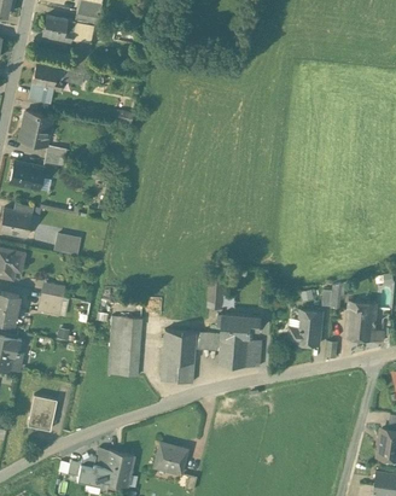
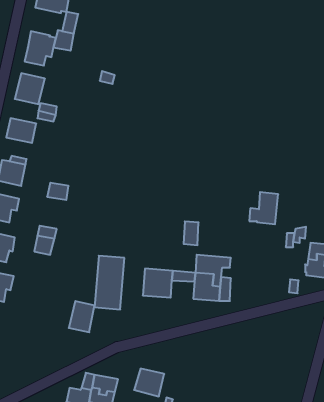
building: [289,310,321,346] -> [249,192,278,224]
building: [161,361,193,383] -> none
building: [27,395,56,430] -> [69,301,95,332]

